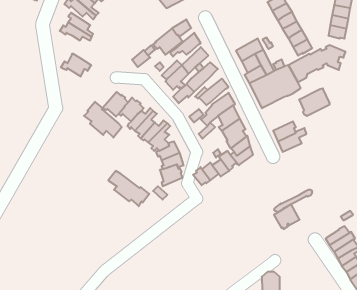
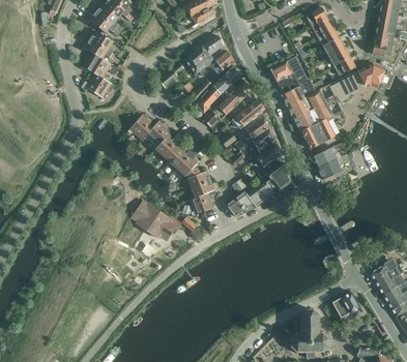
building: none -> [82,53,118,78]
building: [299,88,330,116] -> [302,118,336,148]
building: [84,102,122,138] -> none
building: [274,204,300,229] -> [333,291,361,318]

